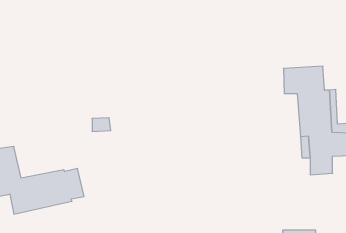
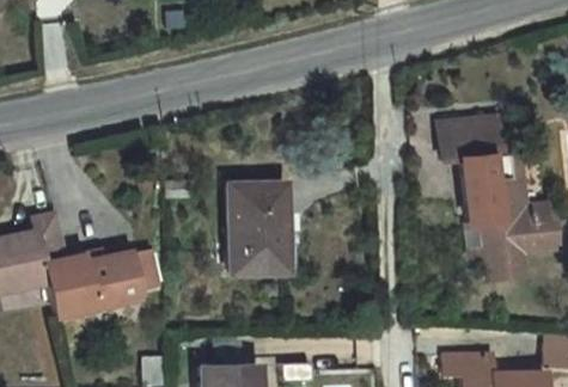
building: none -> [232,171,303,276]

